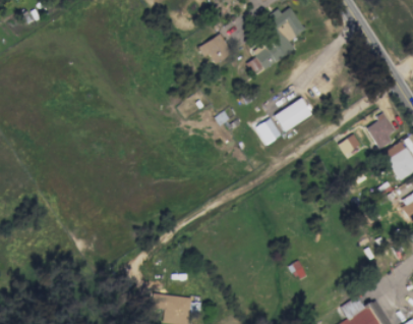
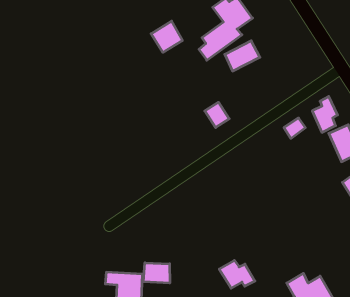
building: [276,99,312,130] -> [225,41,260,71]
building: none -> [219,260,255,288]
building: none -> [144,263,170,283]

